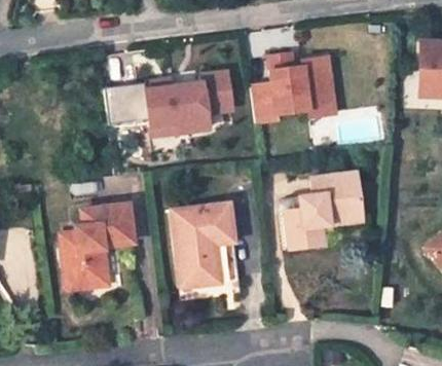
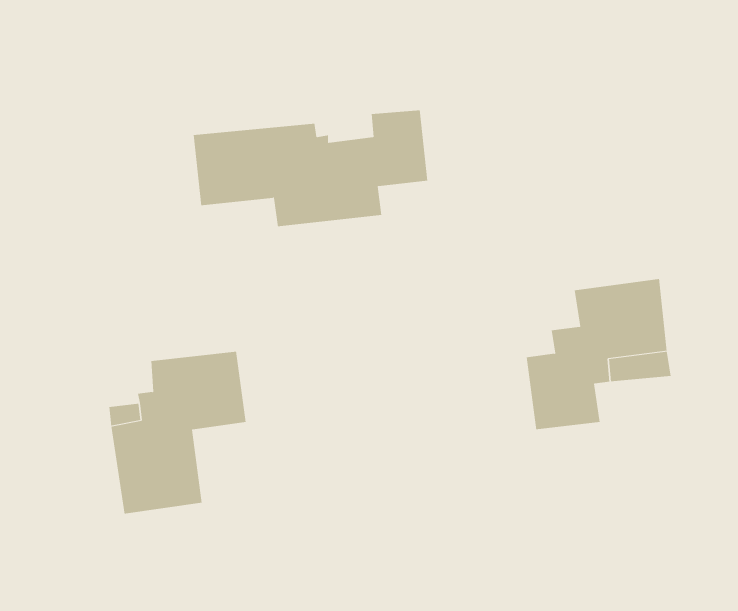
building: [252,53,335,123] -> none
building: [171,200,233,285] -> none

